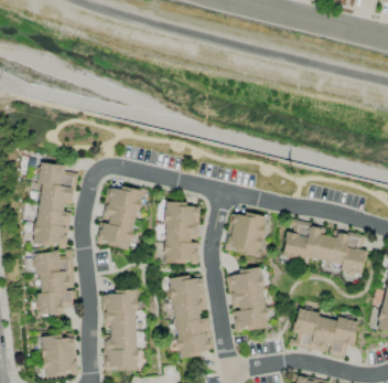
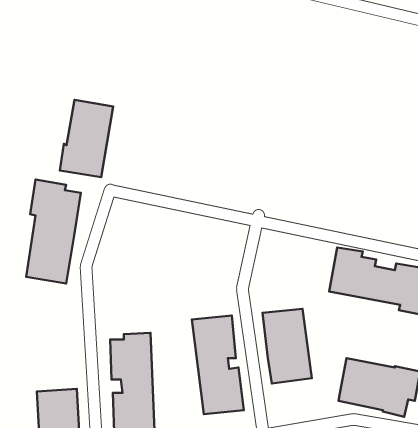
building: [96,185,140,249] -> [60,100,113,177]
building: [163,202,198,264] -> none
building: [224,211,266,256] -> none
building: [35,249,76,315] -> none

